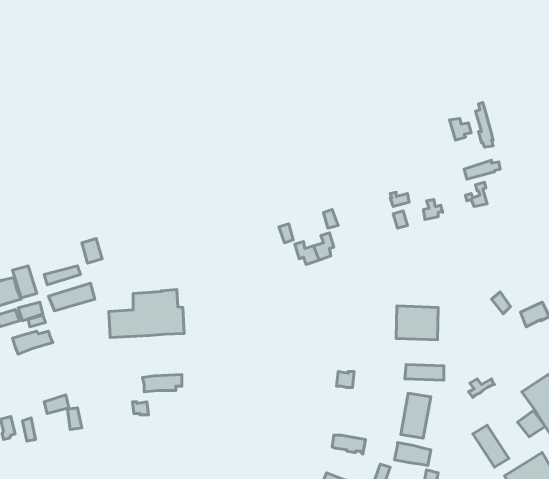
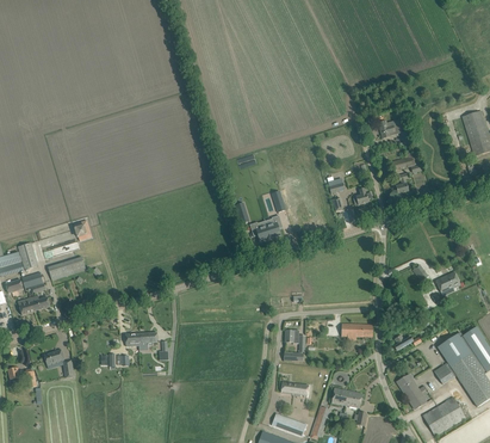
building: [109,290,184,337] -> none
building: [396,306,438,340] -> none
building: [401,393,431,438] -> none

